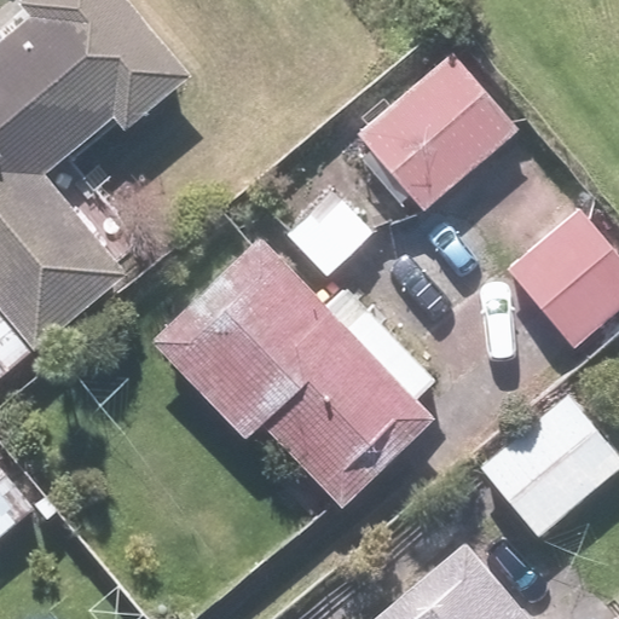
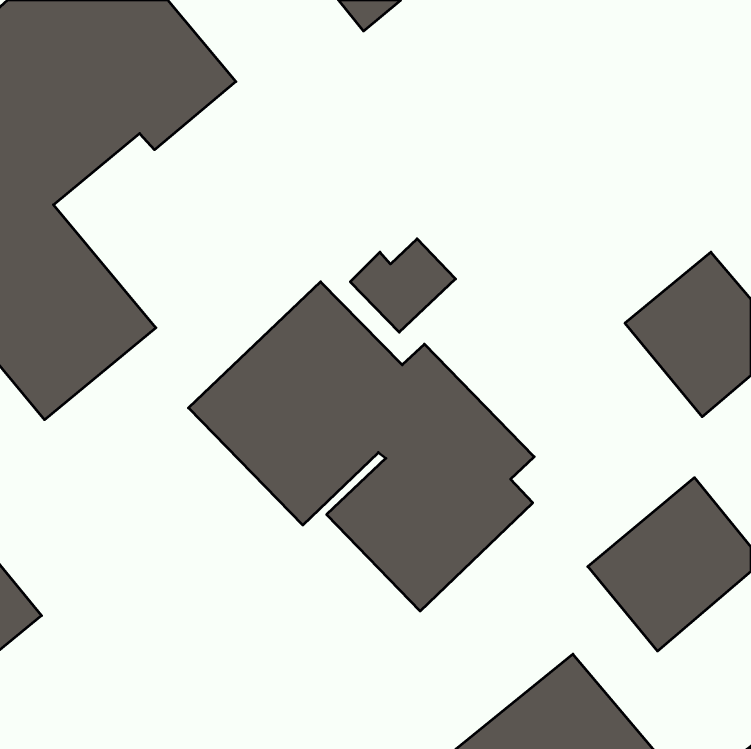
building: [358,54,516,209] -> none

